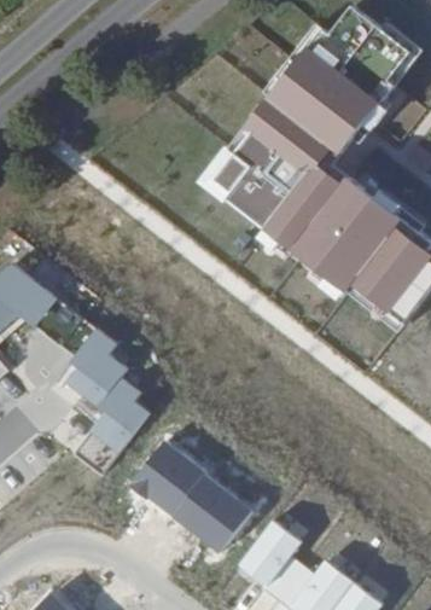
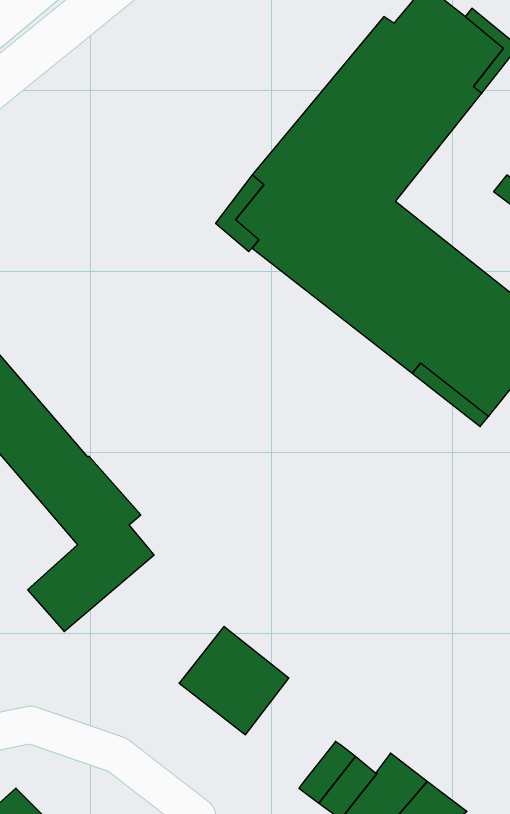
building: [130,438,208,513] -> none
building: [239,521,302,585] -> none

